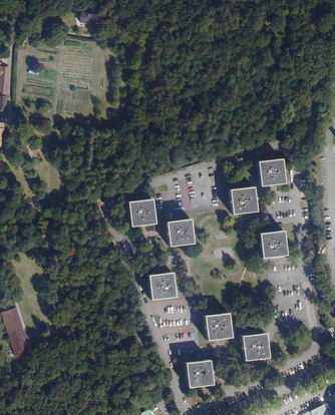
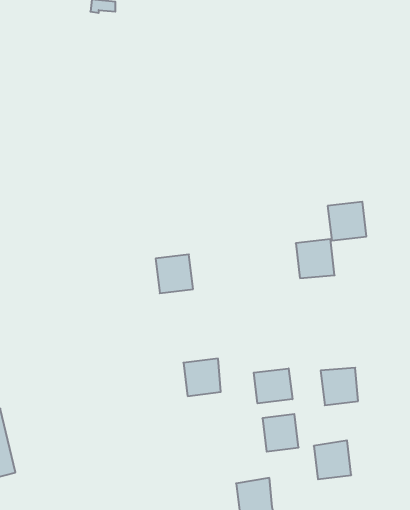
building: [169,218,196,244] -> none
building: [261,230,288,257] -> [321,368,358,405]
building: none -> [254,368,292,403]

